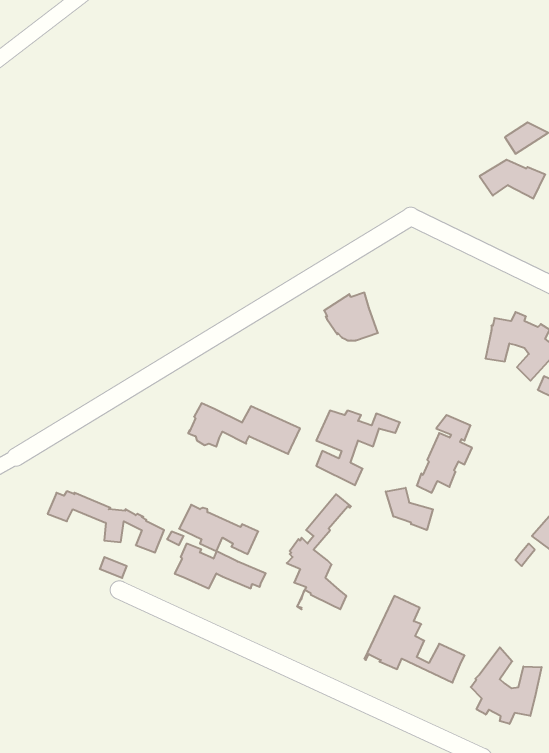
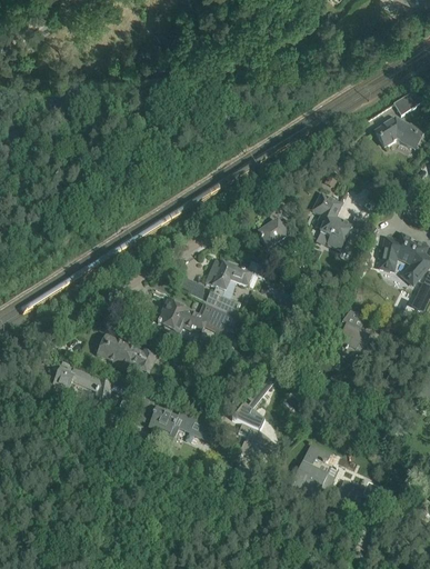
building: none -> [312,192,368,248]
building: [316,411,400,485] -> [206,259,268,315]
building: [386,488,433,530] -> none
building: [179,505,258,554] -> [98,335,157,371]
building: [471,647,542,724] -> none

